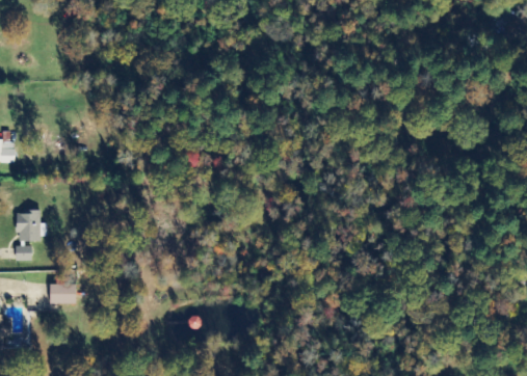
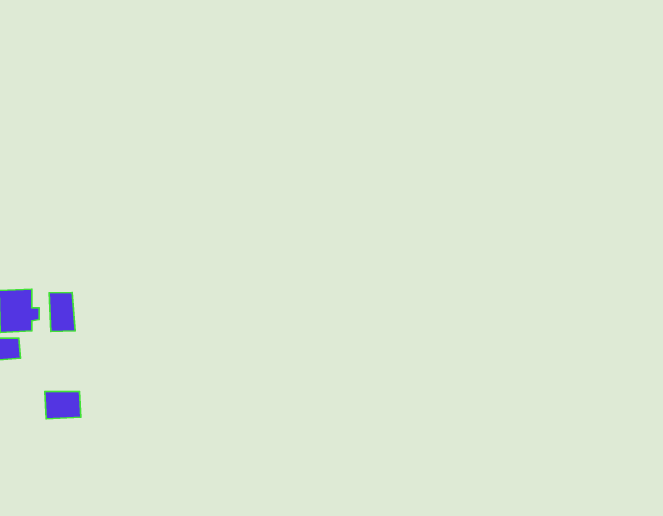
building: none -> [49,292,75,331]

